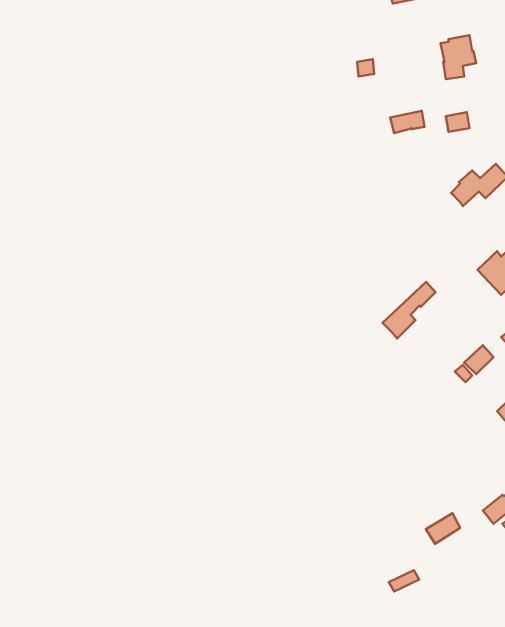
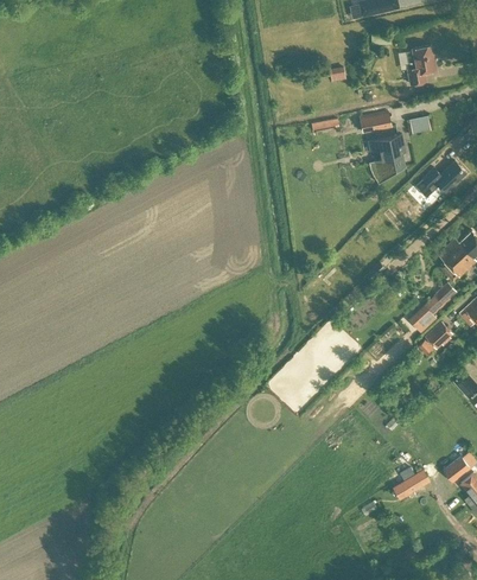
building: none -> [368,133,406,183]
building: [383,282,435,339] -> [408,282,456,333]

